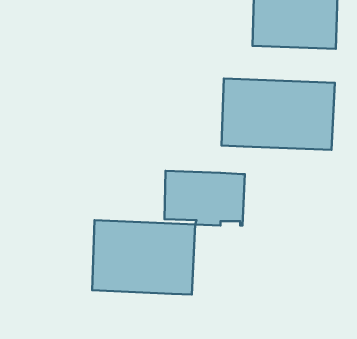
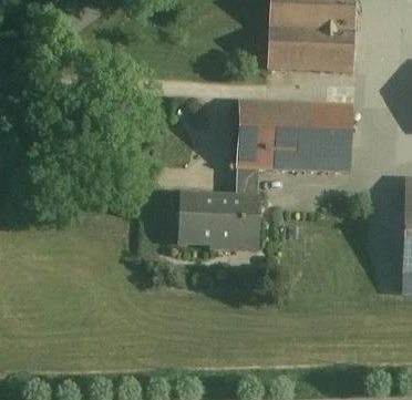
building: none -> [236,168,259,197]
building: [92,220,195,295] -> none

